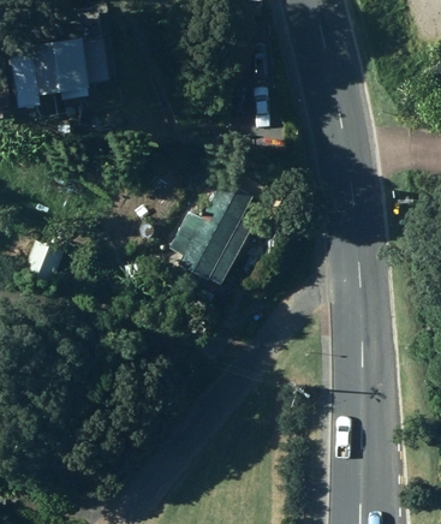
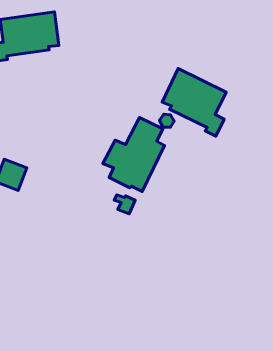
building: none -> [162,69,226,136]

